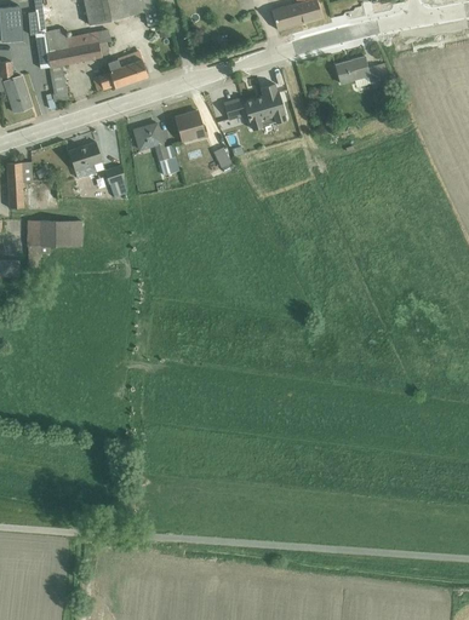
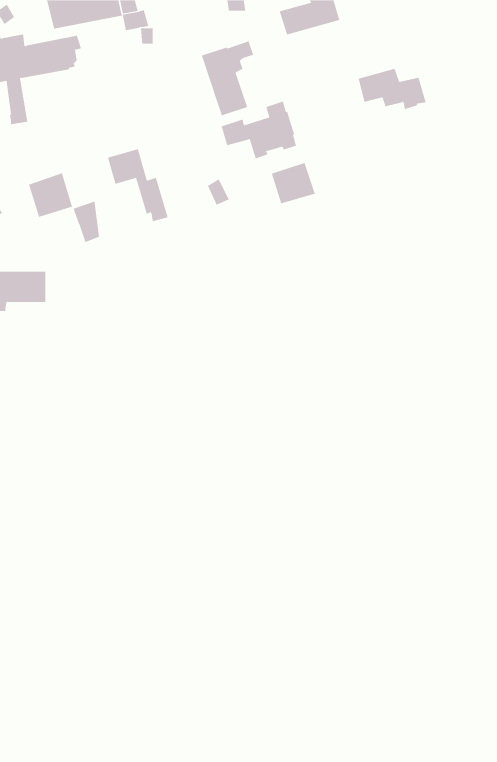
building: none -> [201,41,254,116]
building: [92,51,148,91] -> none
building: [175,111,207,142] -> none
building: none -> [271,162,315,204]

